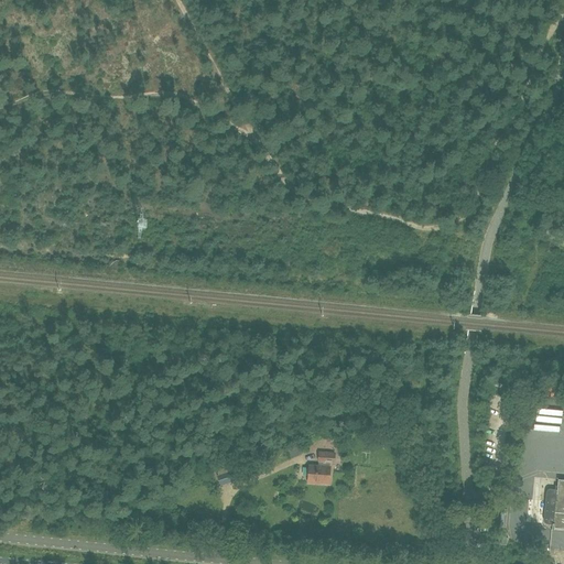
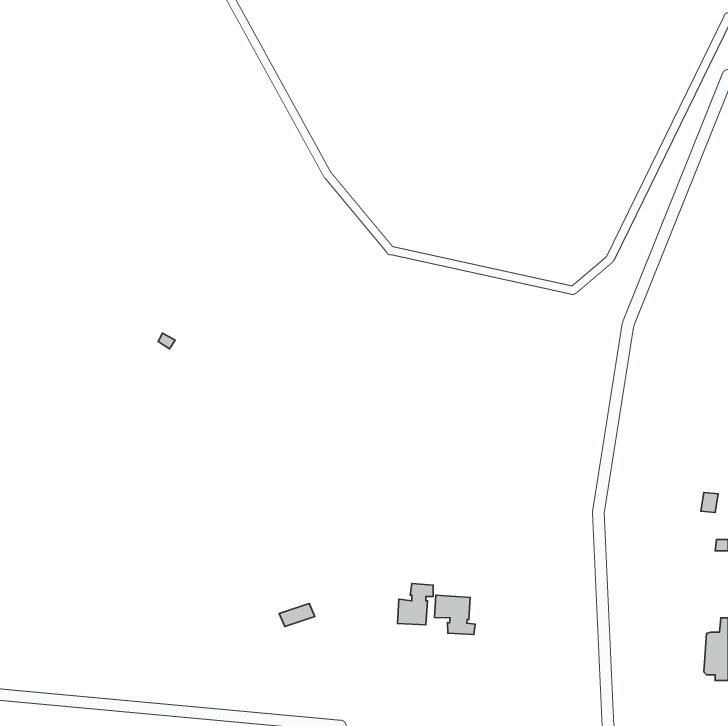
building: none -> [434,595,475,635]

